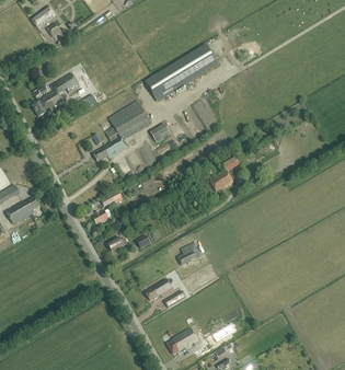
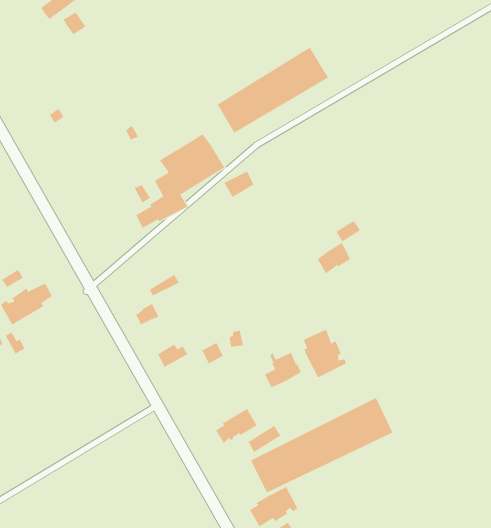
building: [32,70,82,116] -> none
building: none -> [303,329,347,378]
building: none -> [250,397,393,493]

